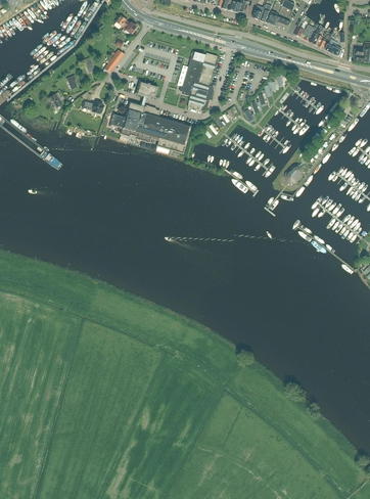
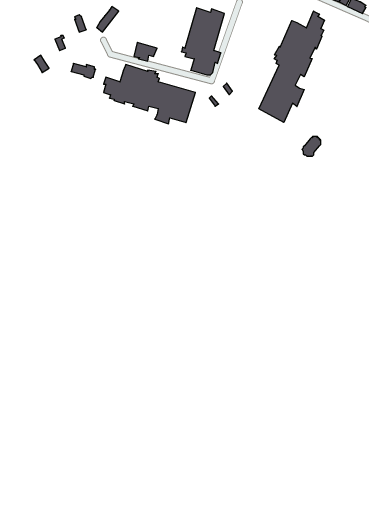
building: none -> [259,11,324,122]

